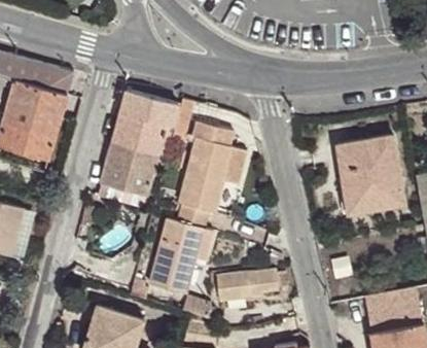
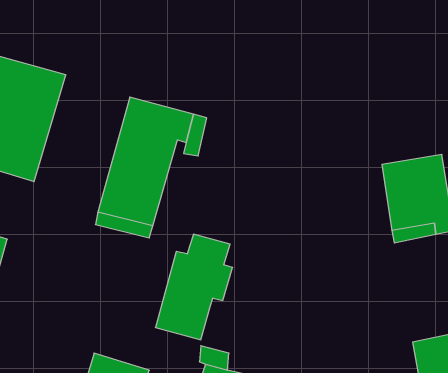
building: [178,121,247,214] -> none
building: [216,267,278,301] -> none

